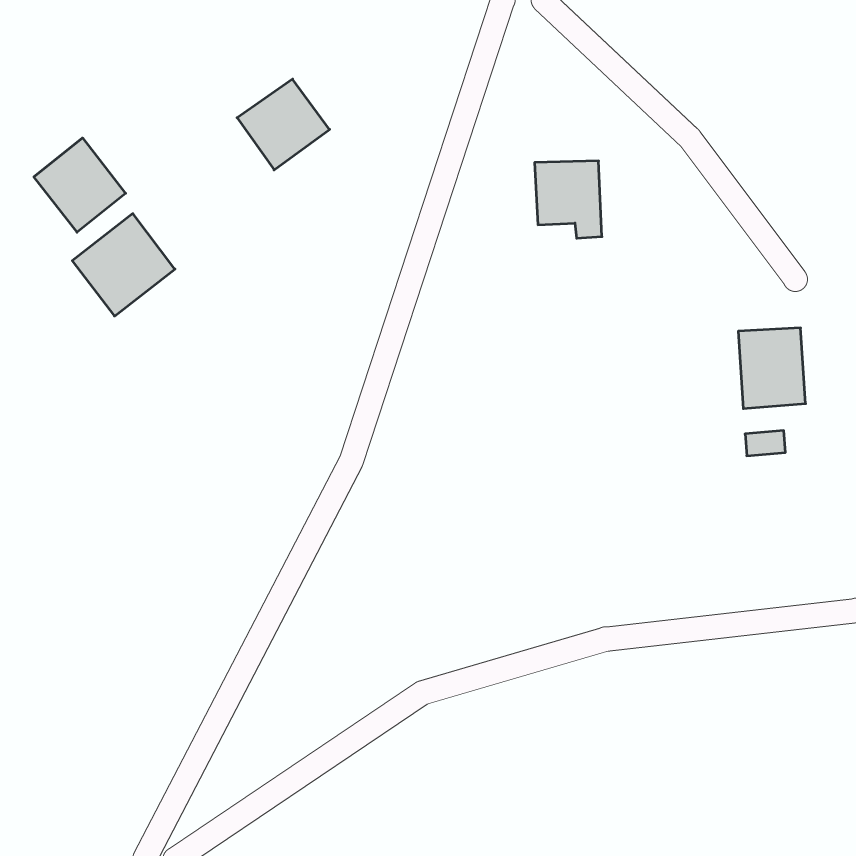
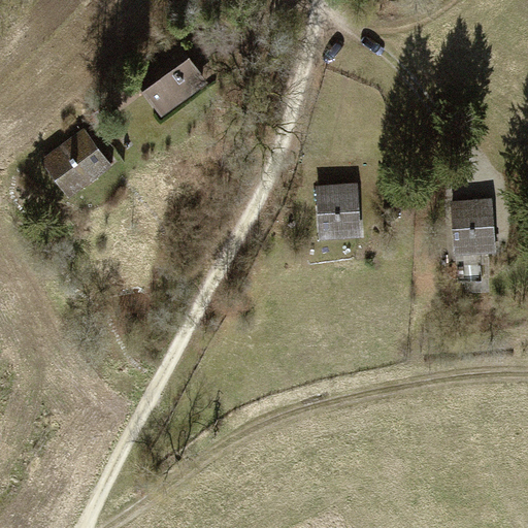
building: [34,138,126,232] -> none
building: [535,161,602,238] -> [318,189,359,236]

